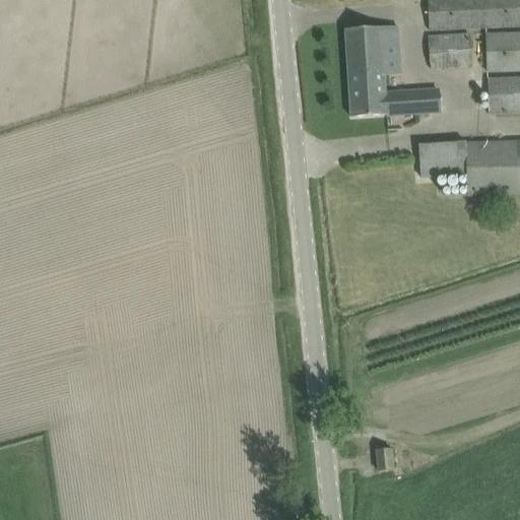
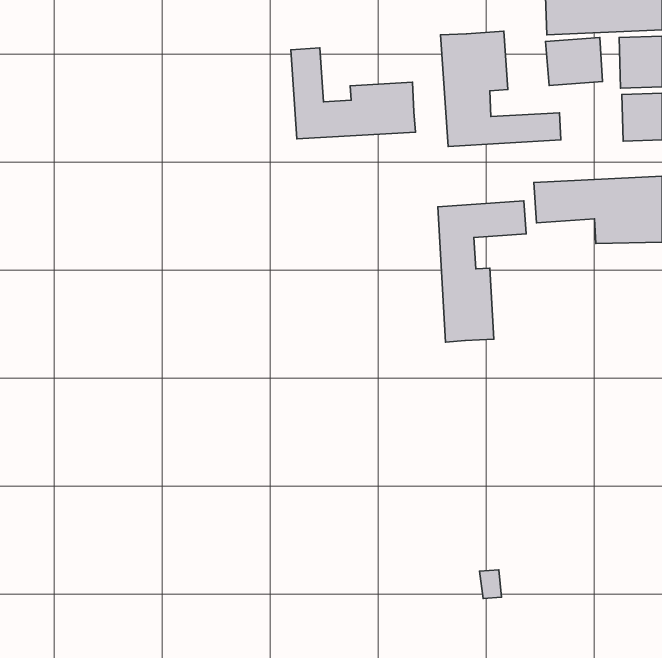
building: none -> [291,48,416,139]
building: none -> [438,201,526,342]

